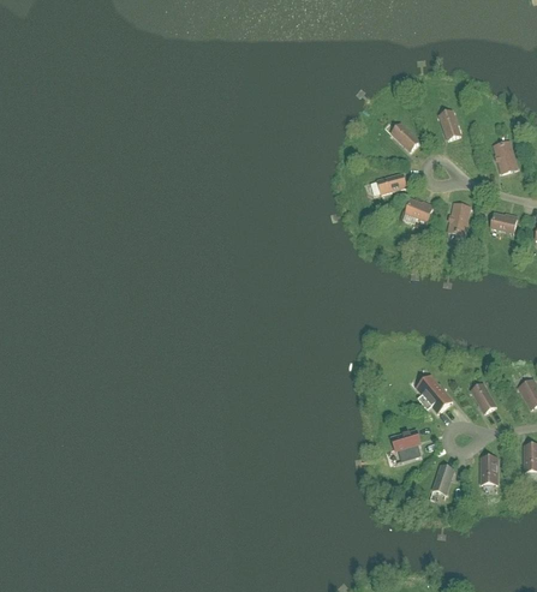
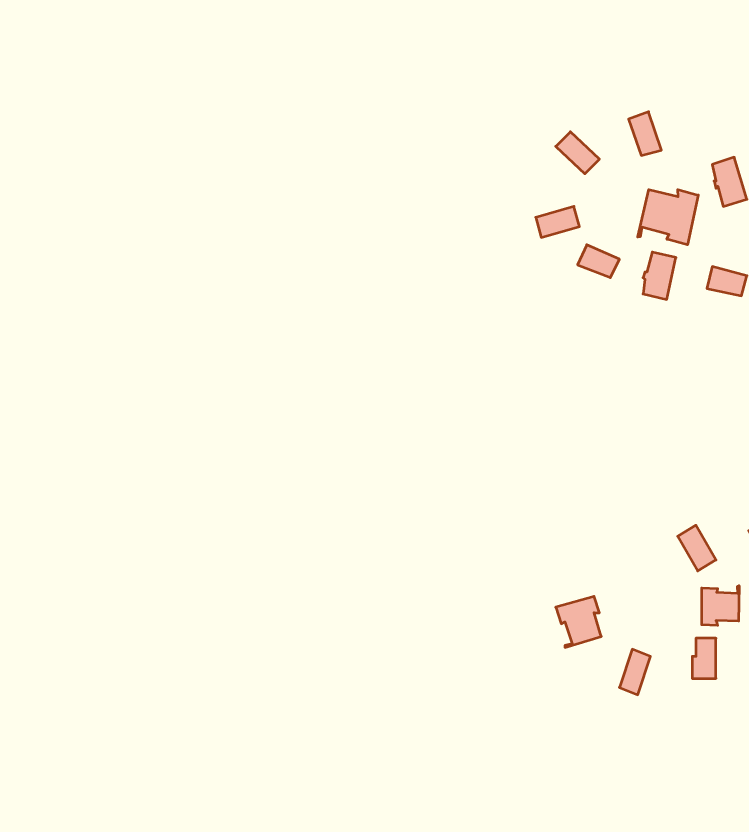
building: none -> [638,190,698,245]
building: [416,376,452,413] -> none
building: none -> [702,586,739,625]

